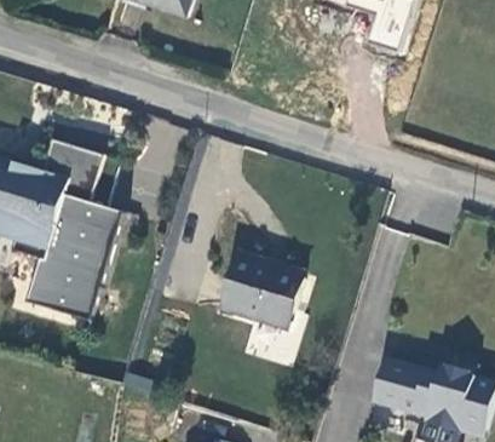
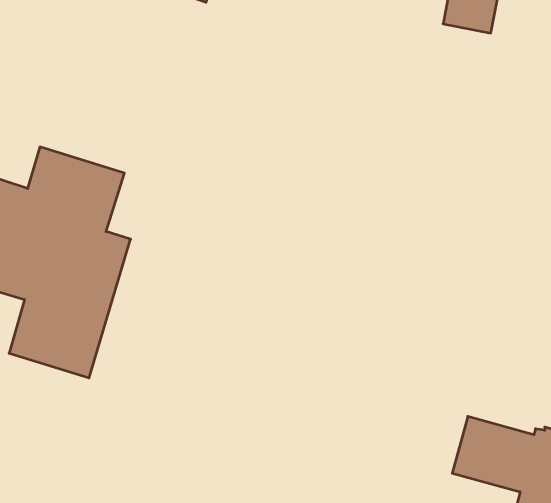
building: [219,254,299,328] -> none

